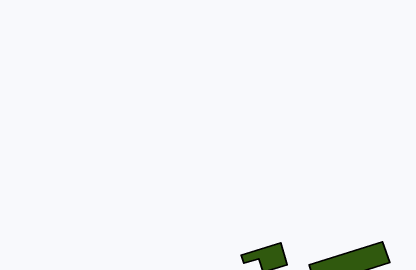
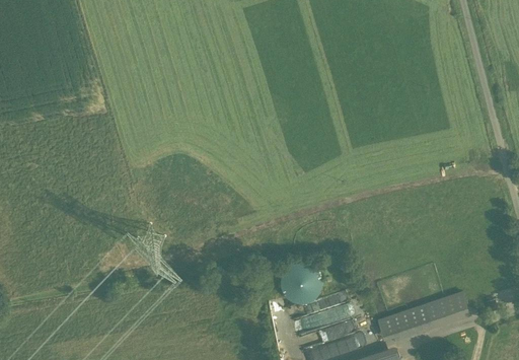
building: none -> [281,264,320,303]

